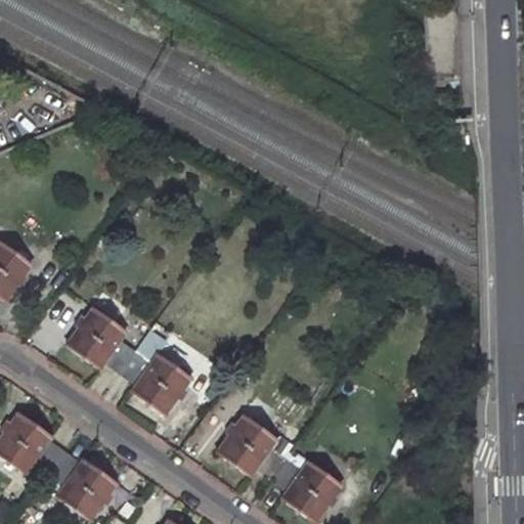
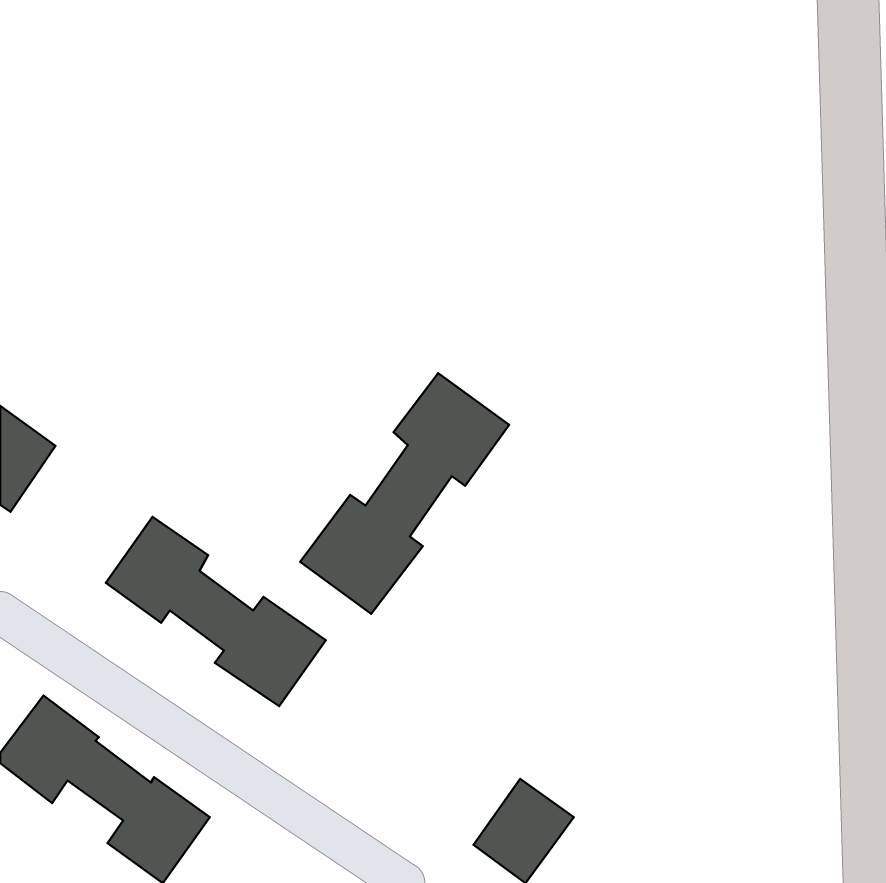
building: none -> [300,373,509,614]
building: [213,412,285,481] -> none

